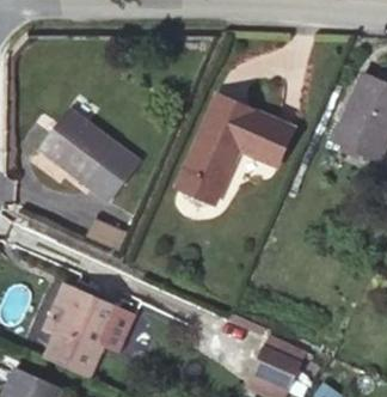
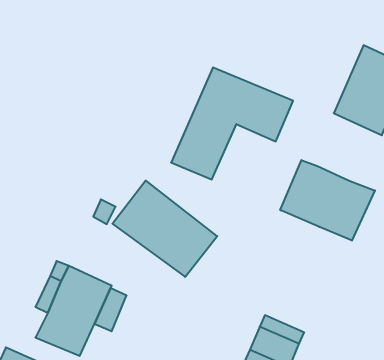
building: [37,108,139,201] -> [112,181,217,277]
building: none -> [280,160,375,241]

